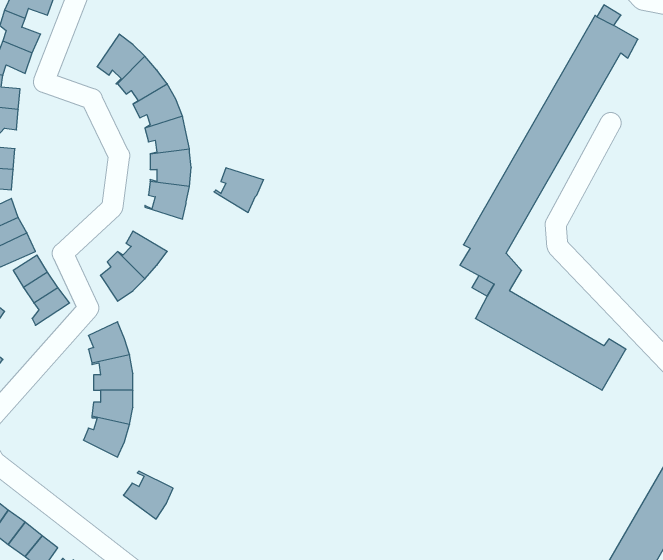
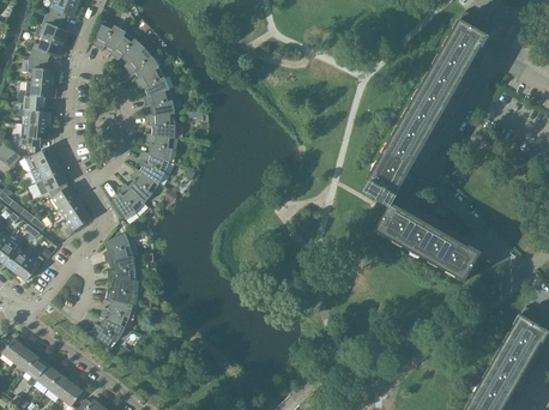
building: none -> [93,20,126,54]
building: [214,168,264,212] -> [135,152,170,183]
building: [123,471,173,519] -> [90,315,125,349]

